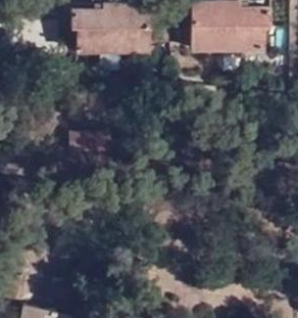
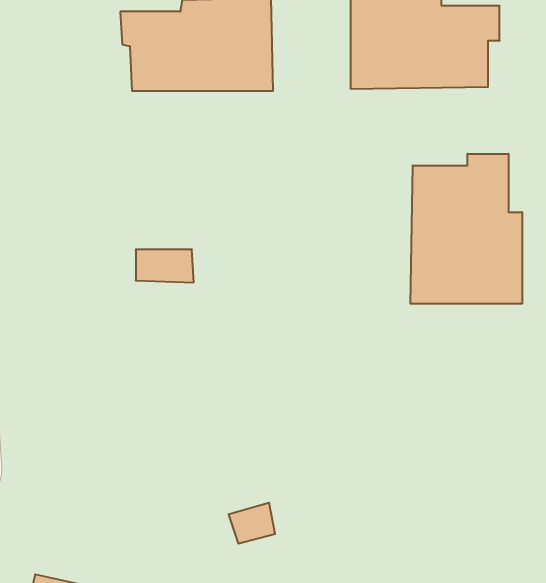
building: none -> [410,154,522,304]

